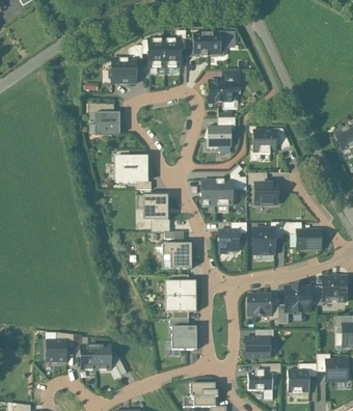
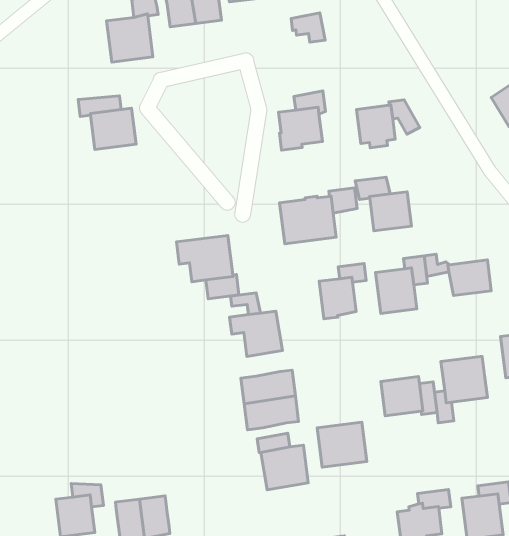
building: [209,81,237,102] -> none
building: [115,157,146,182] -> none
building: [244,333,271,357] -> [317,422,367,467]

